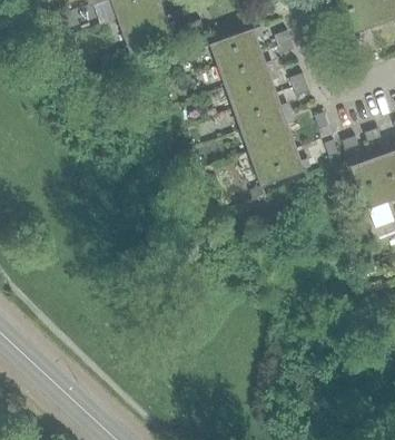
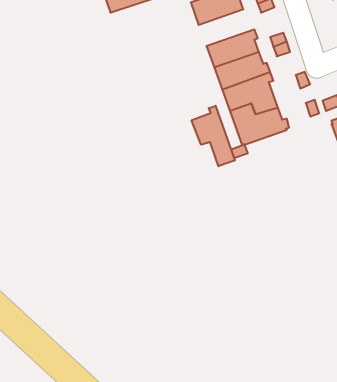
building: [217,51,273,88] -> none
building: none -> [192,106,235,166]

